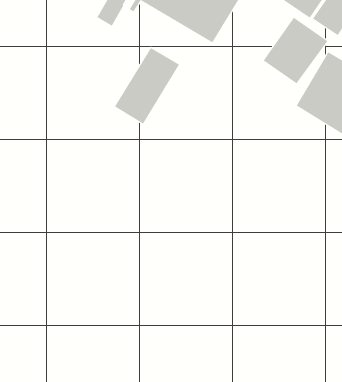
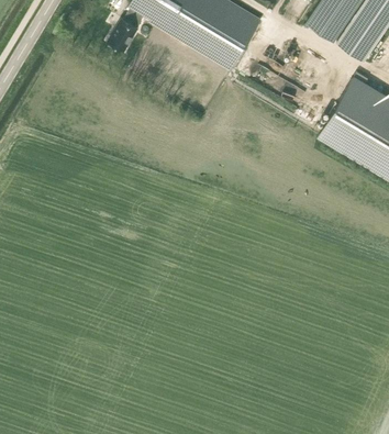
building: [263,17,328,84] -> none
building: [114,47,180,125] -> none

